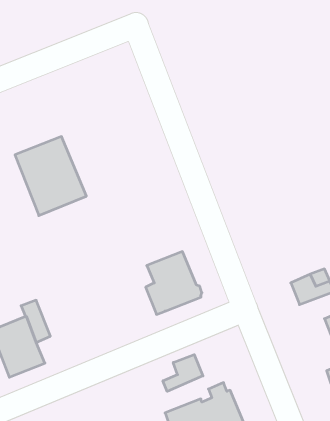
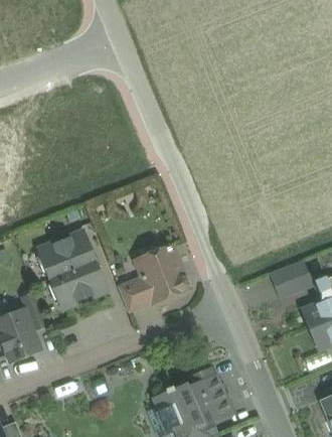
building: [15,137,86,216] -> [39,234,106,307]
building: none -> [117,280,146,312]
building: [163,355,203,391] -> none

